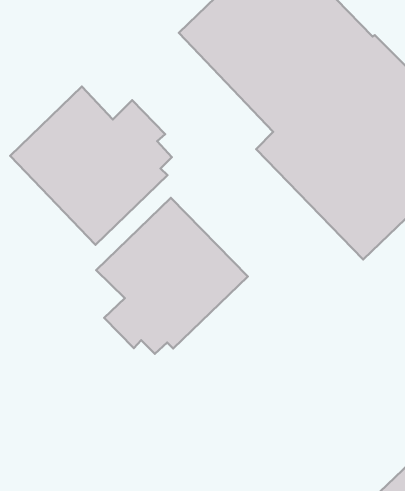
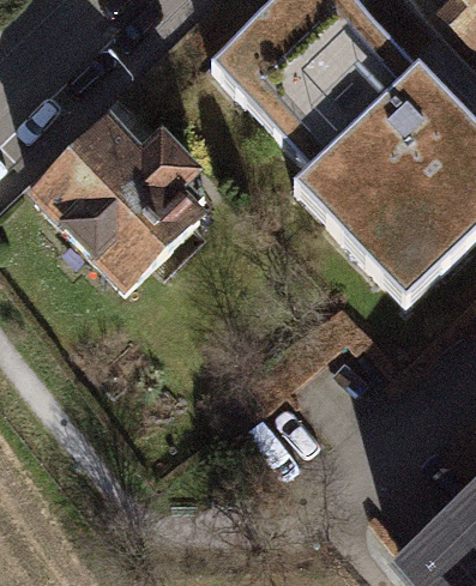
building: [96,198,248,354] -> none

